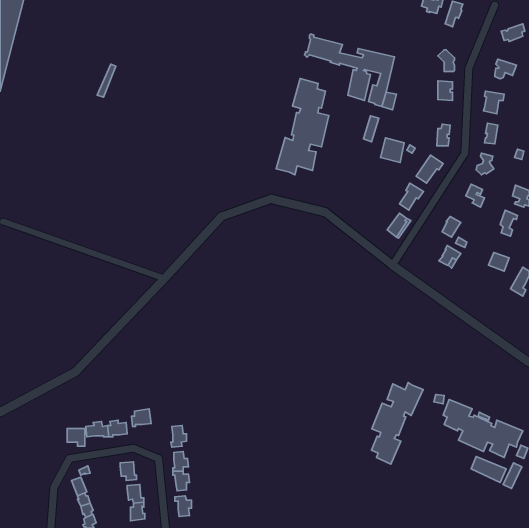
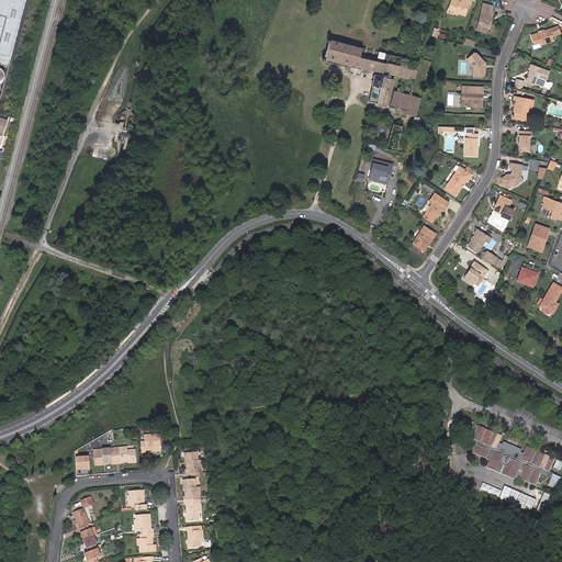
building: [276,78,329,175] -> none
building: [380,138,404,163] -> [368,157,393,183]
building: [371,382,423,464] -> none

